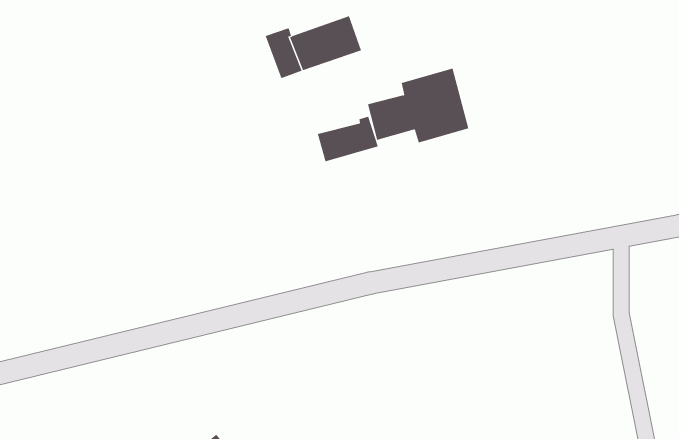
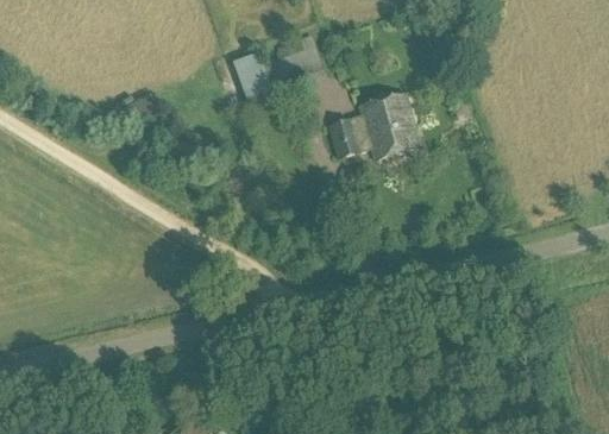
building: [317,116,379,162] -> none

